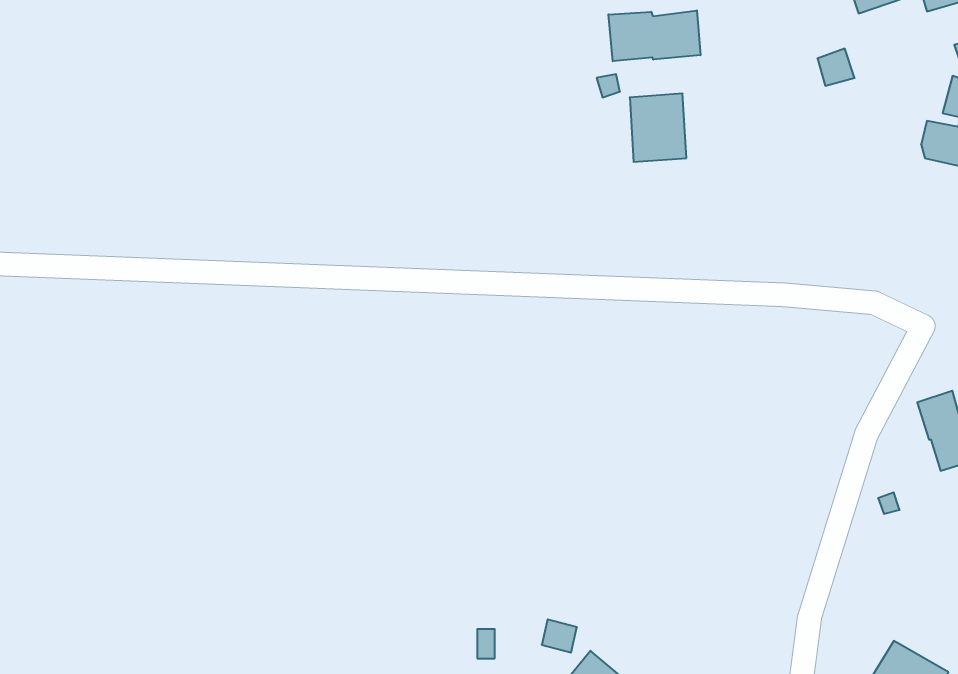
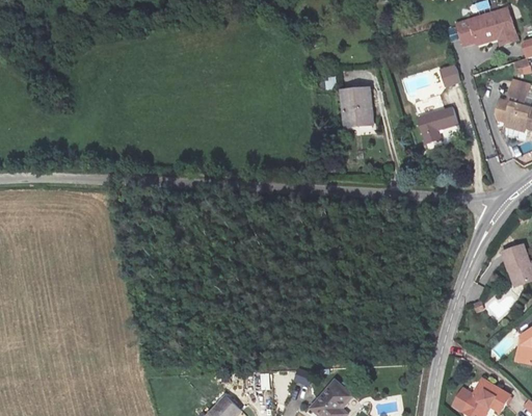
building: [608,10,700,61] -> none
building: none -> [419,106,457,142]

